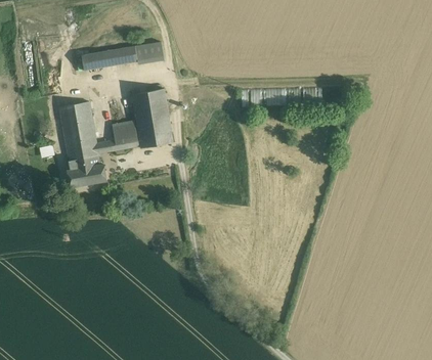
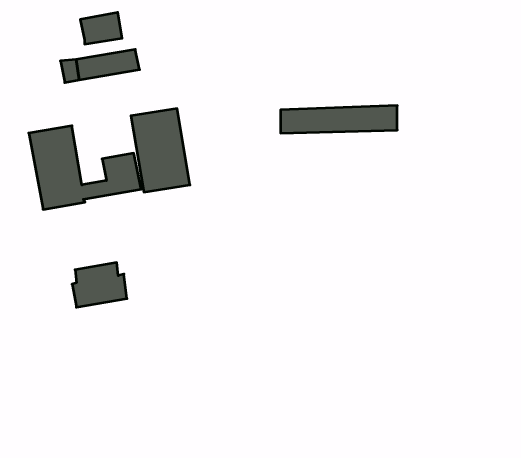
building: [134,41,164,63] -> [80,12,122,44]
building: [67,154,105,186] -> [72,263,127,307]

